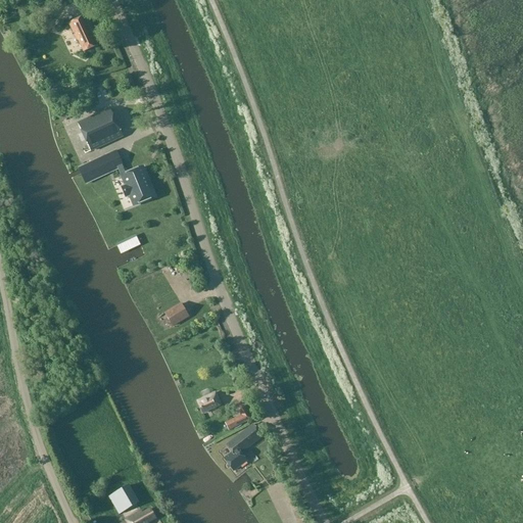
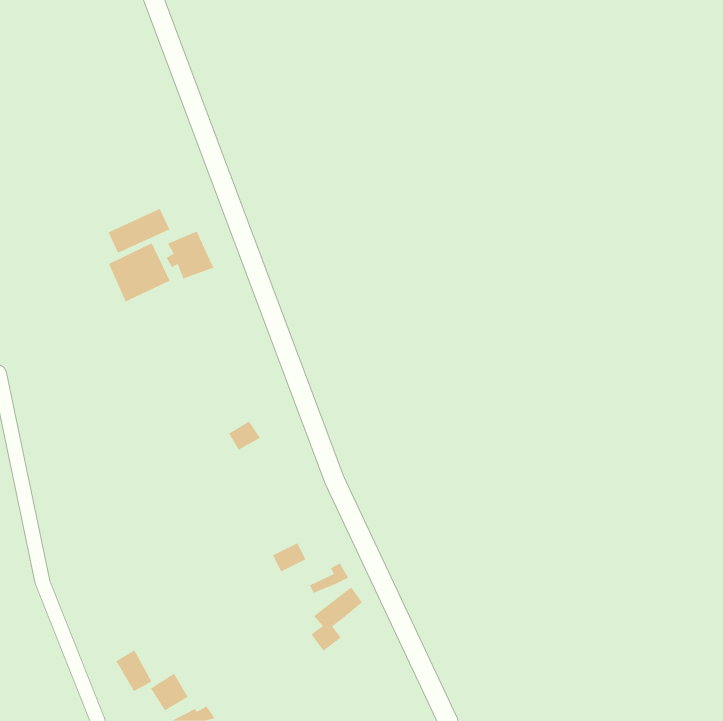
building: [68,15,96,51] -> none
building: [78,107,123,150] -> [108,243,171,302]
building: none -> [116,650,152,692]

